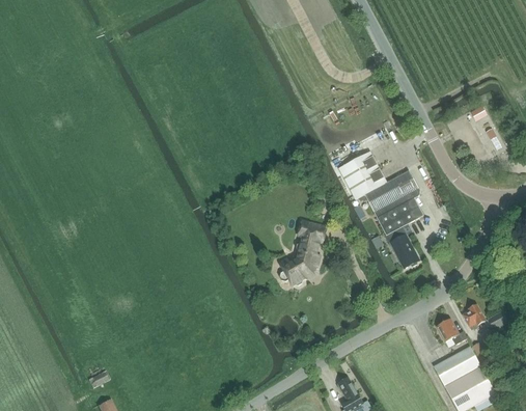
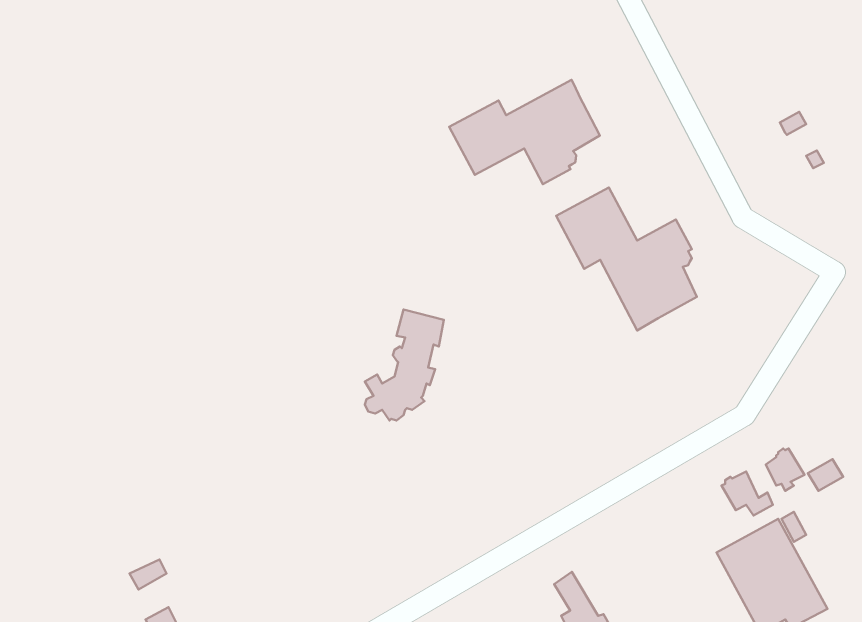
building: none -> [449,80,600,184]
building: [278,220,325,285] -> [365,309,444,420]
building: [385,226,418,268] -> none

